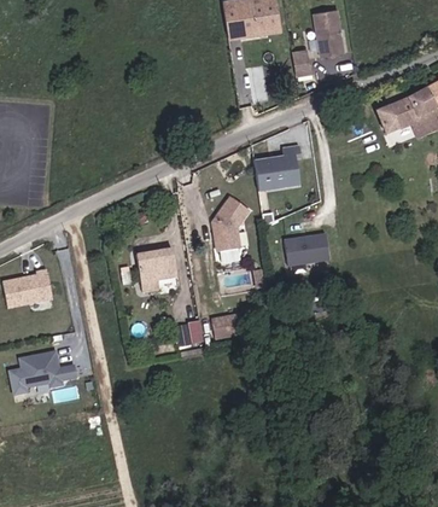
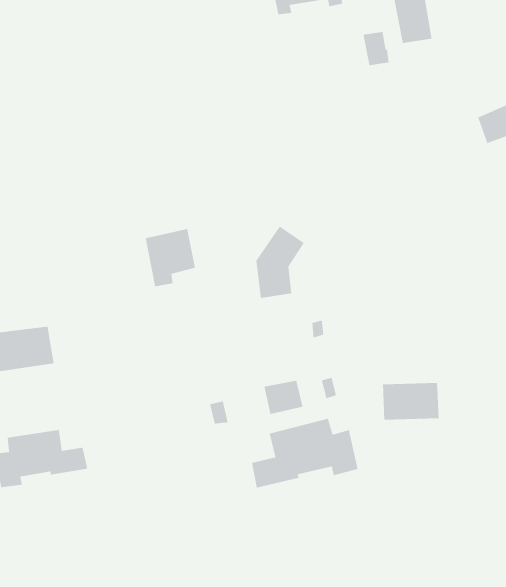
building: [252,145,305,191] -> none
building: [288,234,332,263] -> [382,382,439,420]
building: [134,250,173,295] -> [145,228,196,287]
building: none -> [251,418,358,489]

